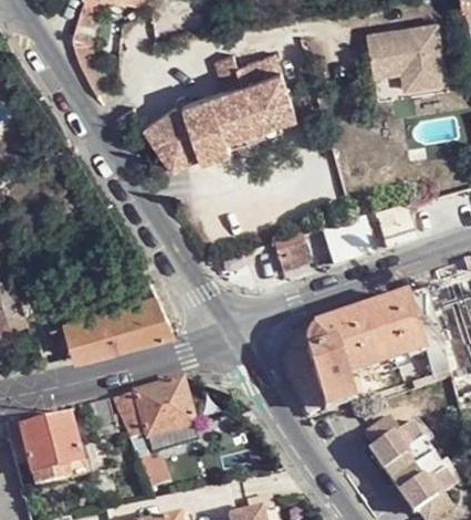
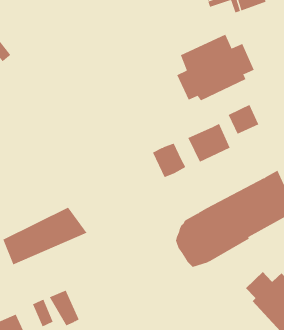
building: [149,55,301,168] -> none
building: none -> [177,34,255,101]
building: [137,385,195,443] -> none

